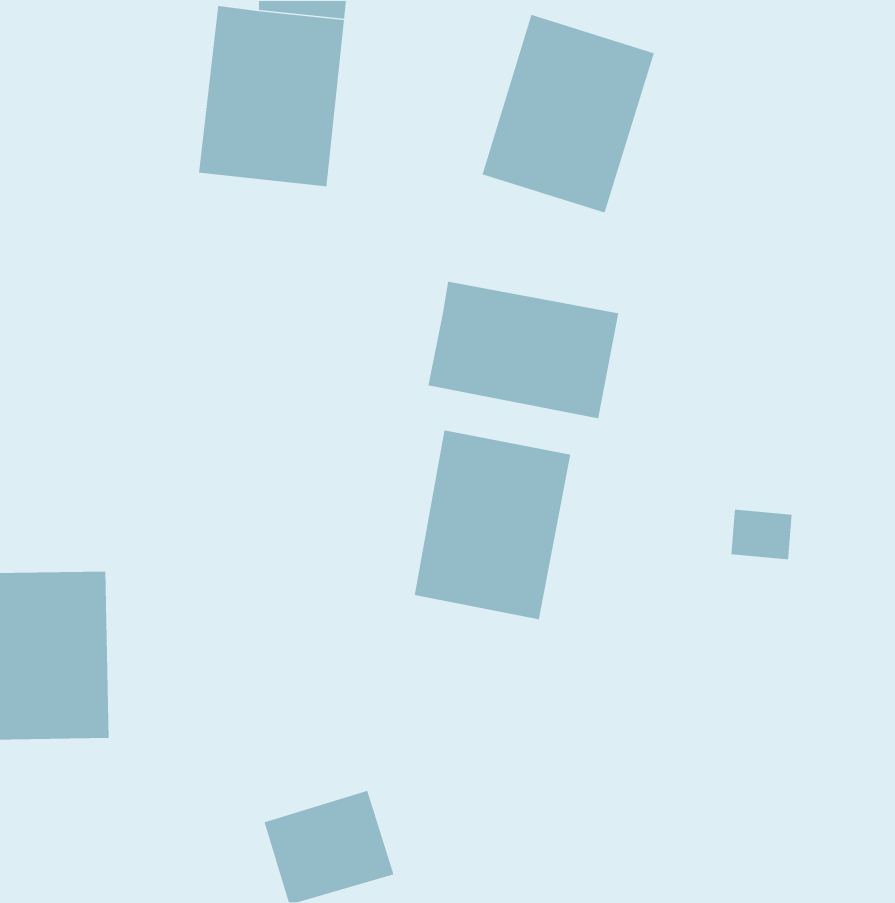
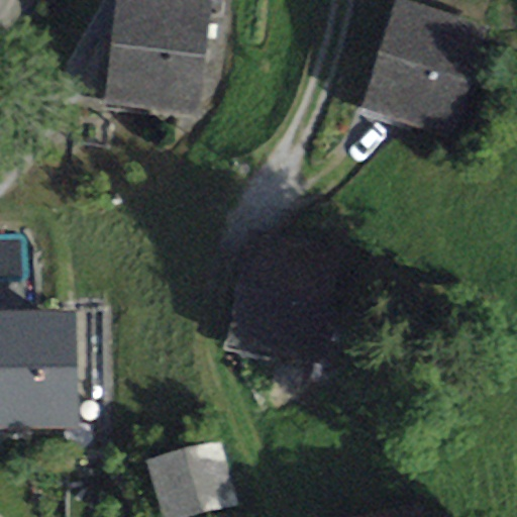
building: [481,14,655,214] -> [373,15,472,129]
building: [428,281,619,419] -> none

